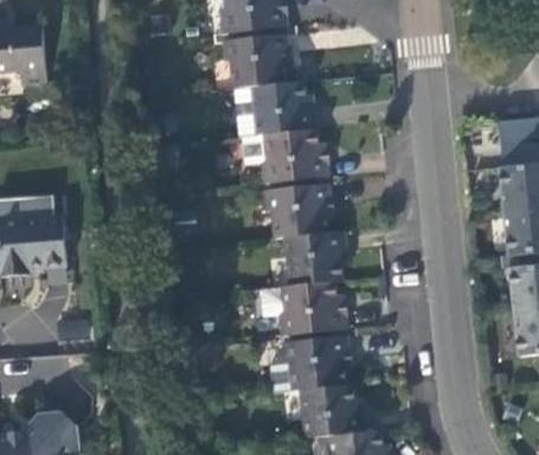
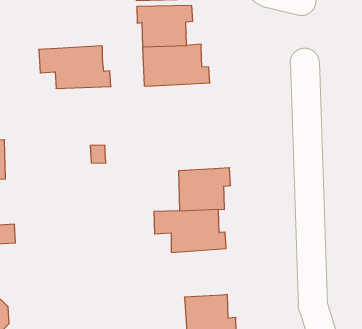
building: [239,130,329,185] -> [39,46,111,88]
building: [264,187,332,239] -> none
building: [263,339,349,395] -> none

